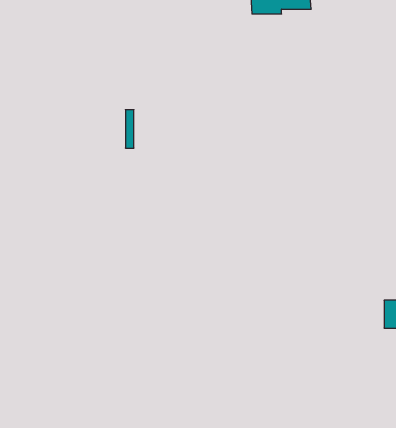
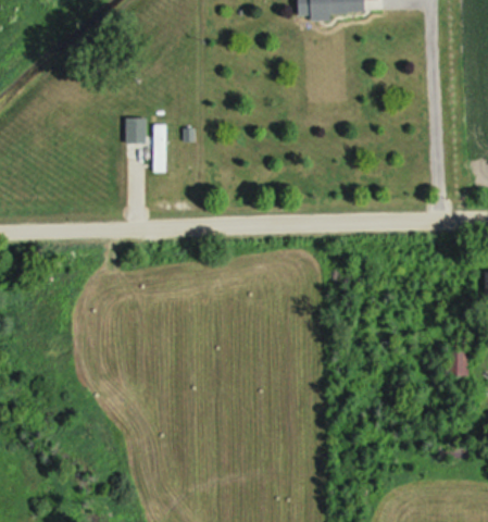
building: none -> [126,117,146,144]

